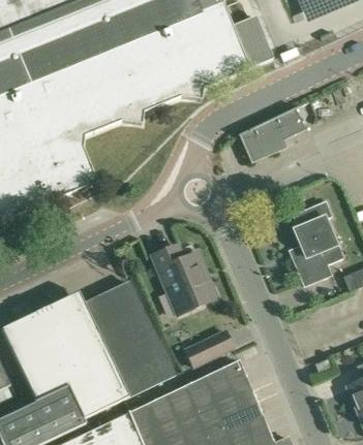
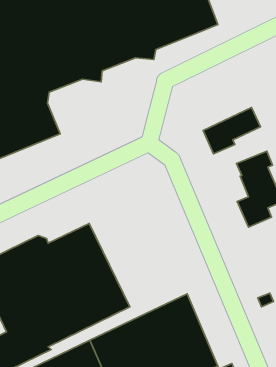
building: [240,107,304,159] -> [203,107,261,154]
building: [150,246,216,315] -> none
building: [184,330,232,367] -> none

